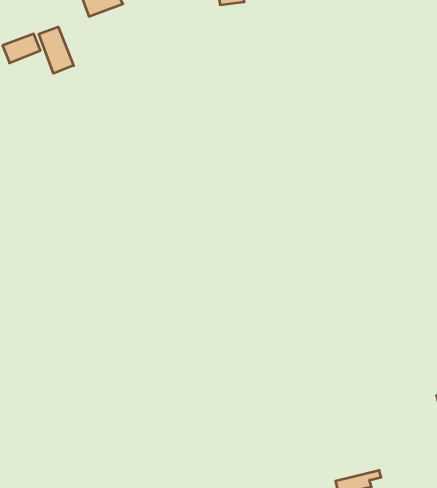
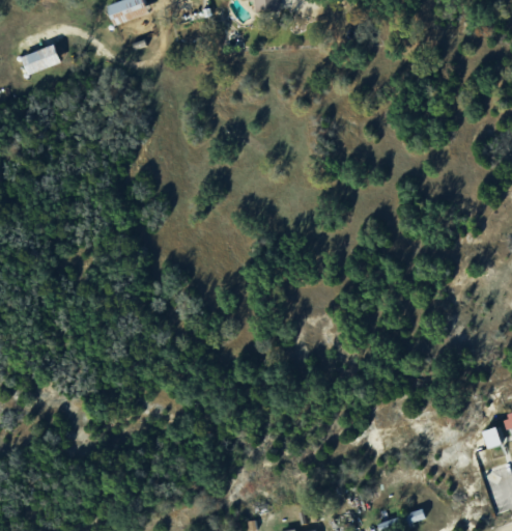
building: [39,27,74,73] -> none

